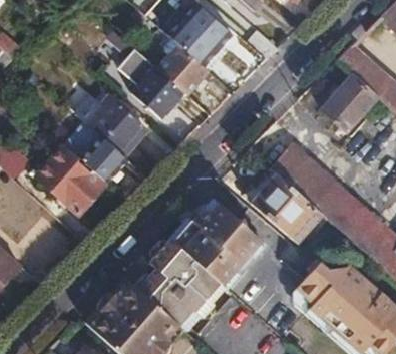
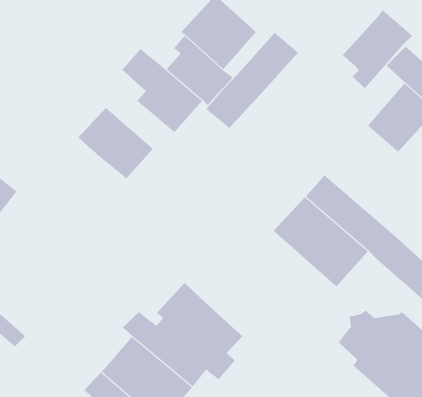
building: none -> [342,10,413,89]
building: none -> [205,32,299,129]
building: [80,135,127,181] -> none
building: [35,146,102,212] -> none
building: [171,207,260,286] -> none

